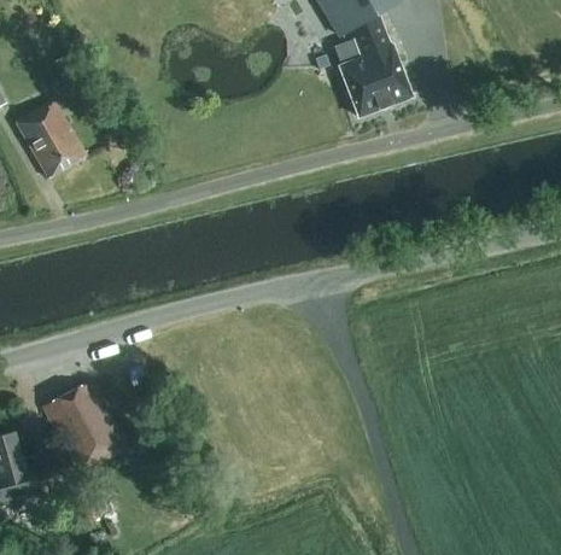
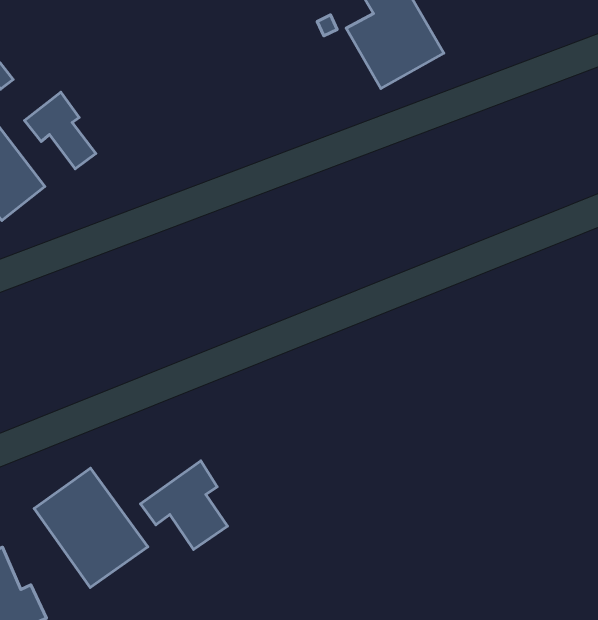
building: none -> [25,92,96,169]
building: none -> [140,461,227,550]

